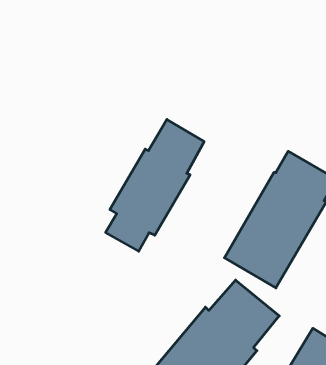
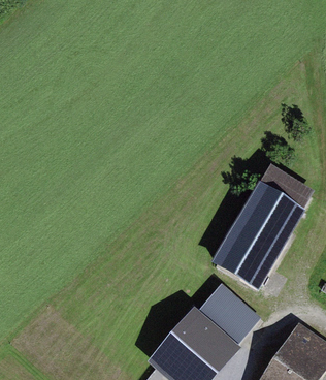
building: [106,119,204,251] -> none

